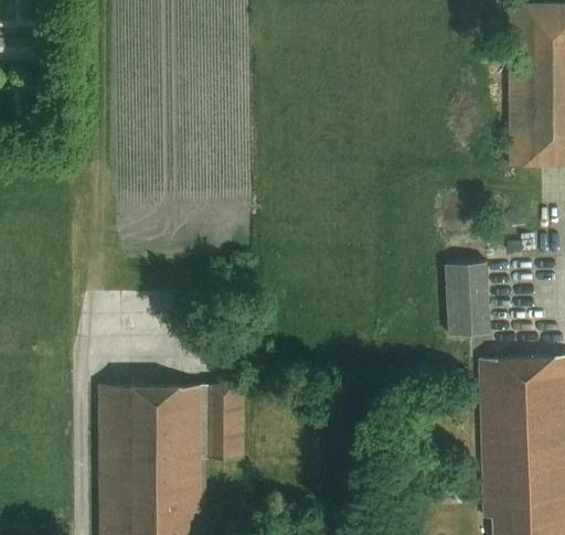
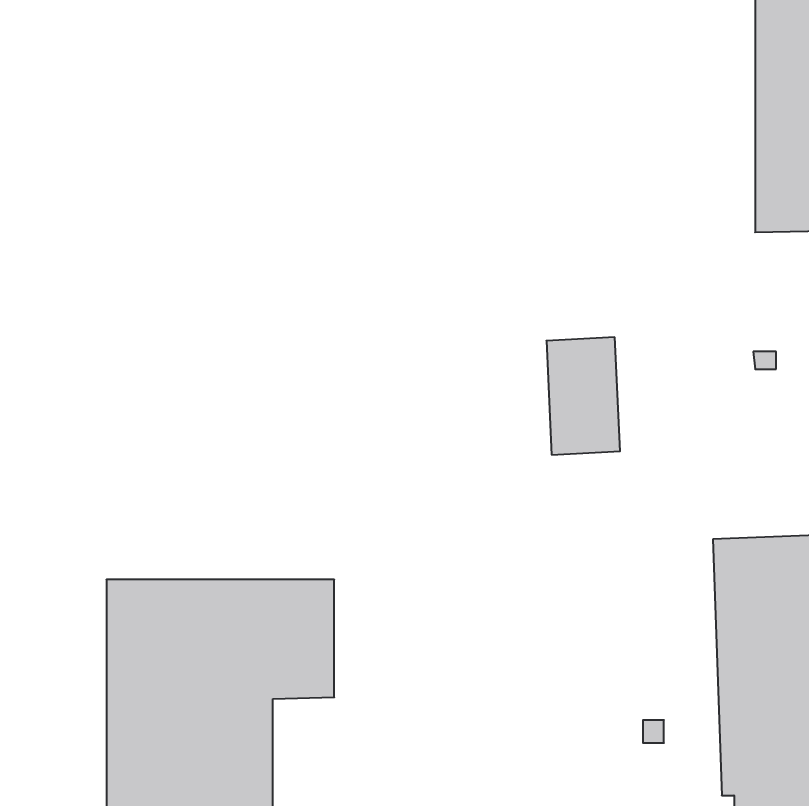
building: [446,264,492,338] -> [546,337,620,455]

